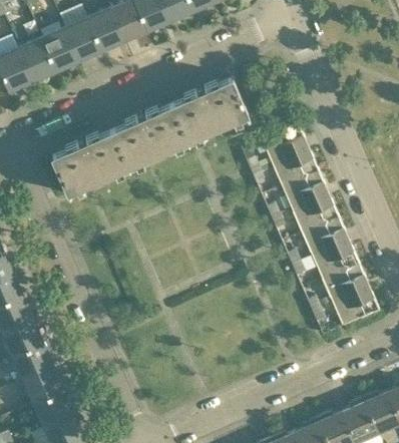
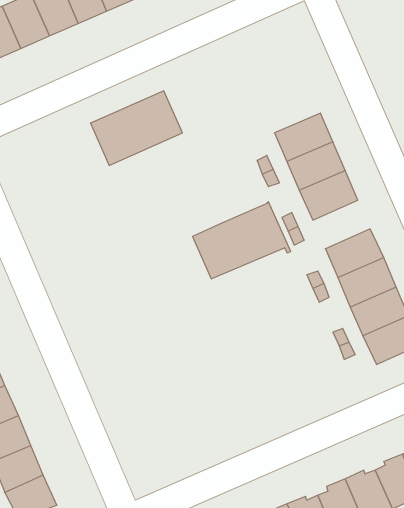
building: [170,77,250,139] -> [193,202,291,279]
building: [51,131,126,197] -> none
building: [291,193,337,233] -> none

